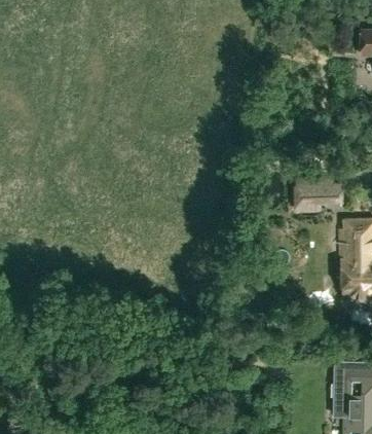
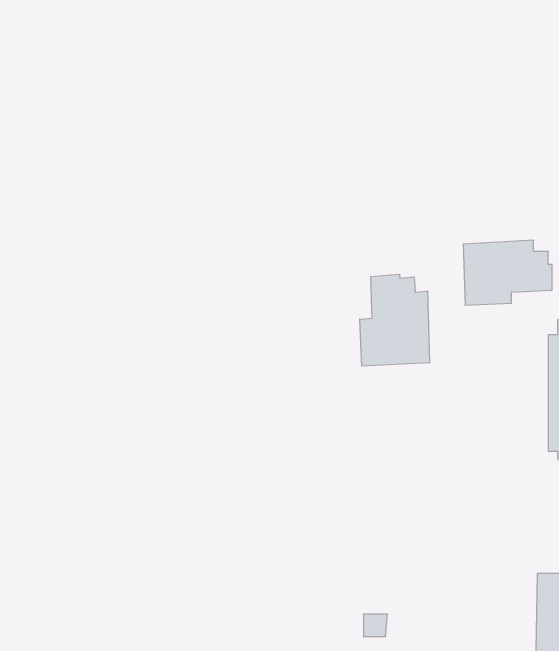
building: none -> [360,274,429,366]

